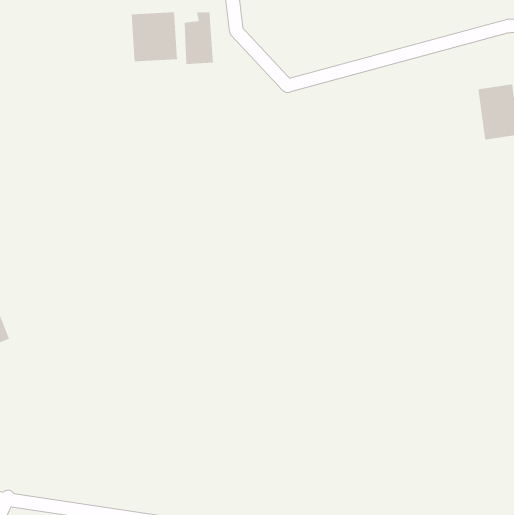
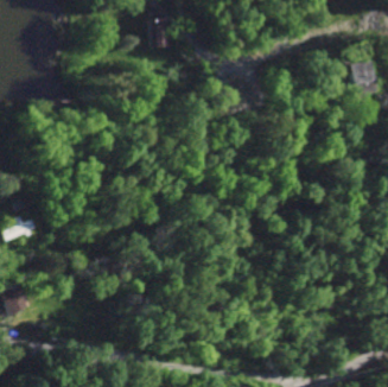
building: [131,12,178,62] -> none

